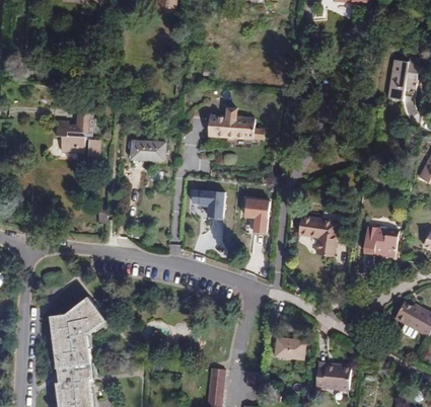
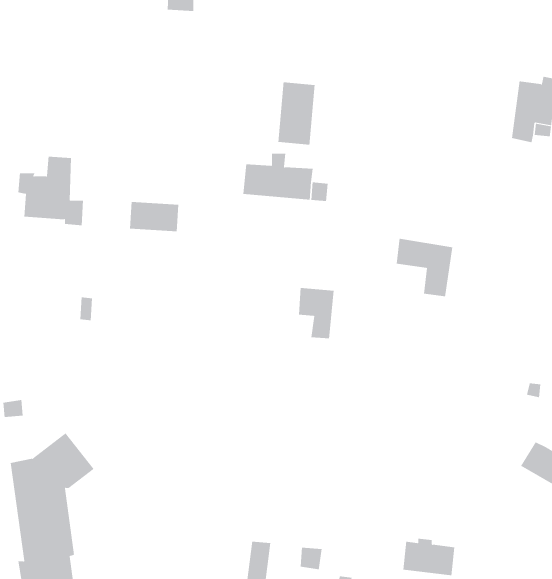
building: none -> [278,81,315,146]
building: [193,189,225,218] -> none
building: [298,217,337,256] -> [396,238,453,297]
building: [362,226,398,258] -> none
building: [275,338,304,359] -> none

